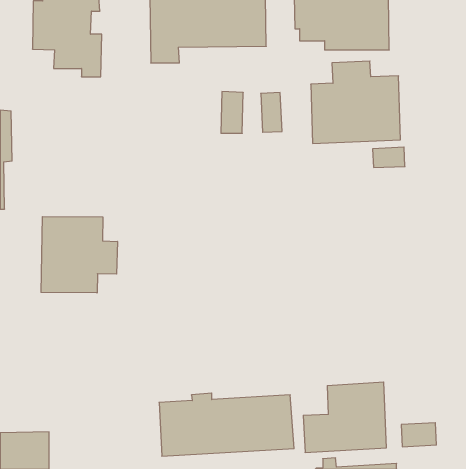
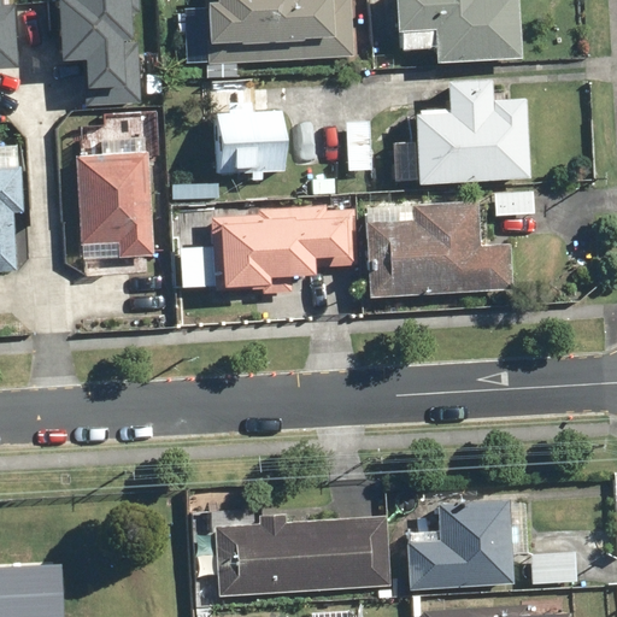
building: none -> [77,105,163,258]
building: none -> [212,113,284,174]
building: none -> [362,202,511,300]
building: none -> [180,208,357,293]
building: [41,217,117,293] -> none

